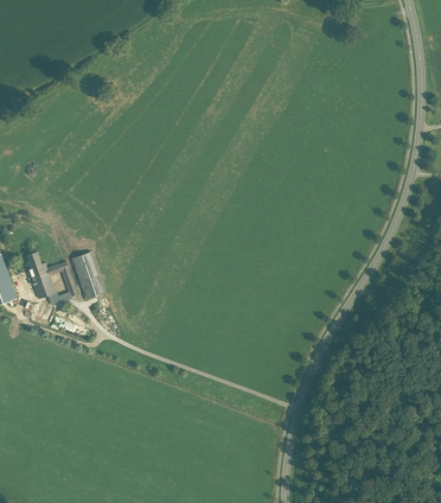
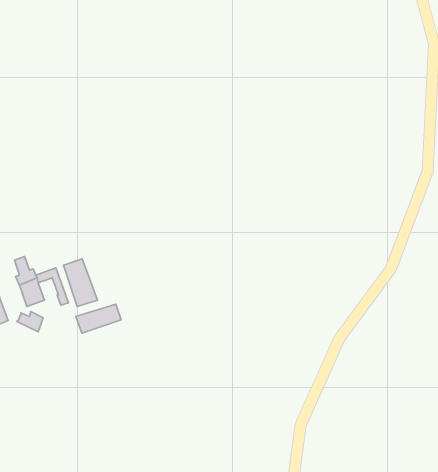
building: none -> [76,304,121,333]

